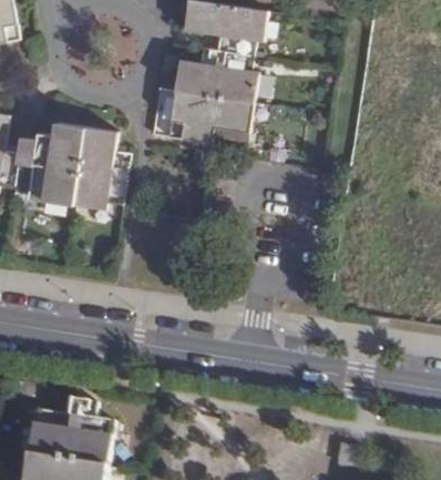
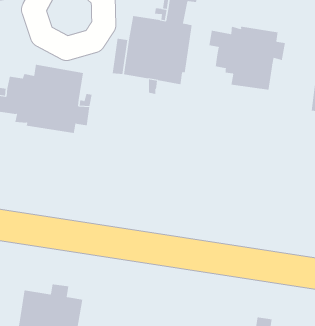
building: none -> [209,26,286,90]

